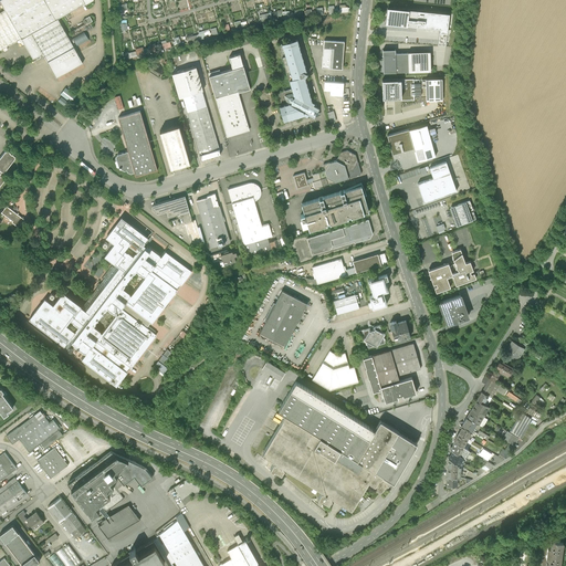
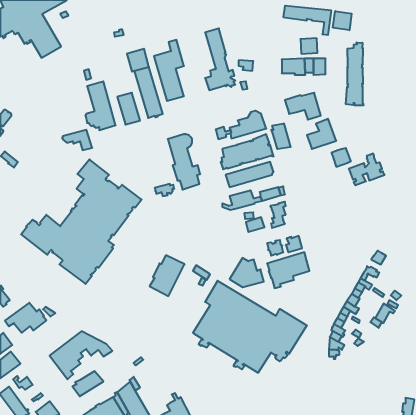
building: none -> [333,11,352,30]
building: [322,41,344,71] -> none
building: [382,51,409,75] -> none
building: none -> [346,42,363,105]
building: none -> [271,123,291,149]
building: [197,195,230,249] -> none
building: [151,197,192,224] -> [62,130,92,150]
building: [428,251,476,294] -> [349,154,385,185]
building: [260,292,307,347] -> [150,255,185,296]
building: [440,296,468,326] -> none
building: [380,378,416,402] -> none
building: [36,449,69,480] -> none
building: [48,499,86,539] -> none

